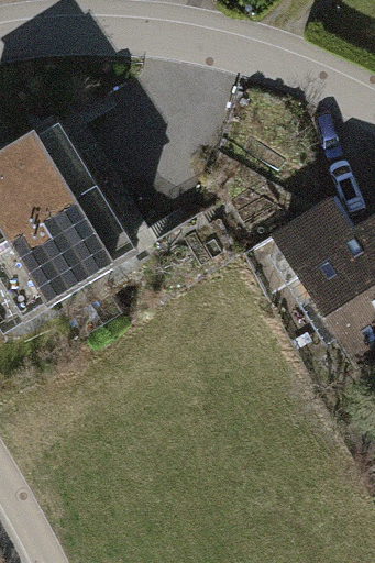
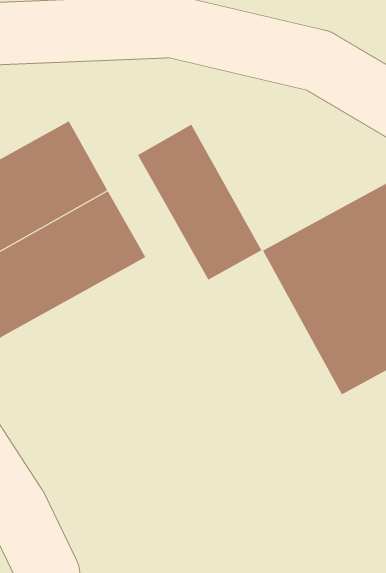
building: none -> [137,124,262,281]

